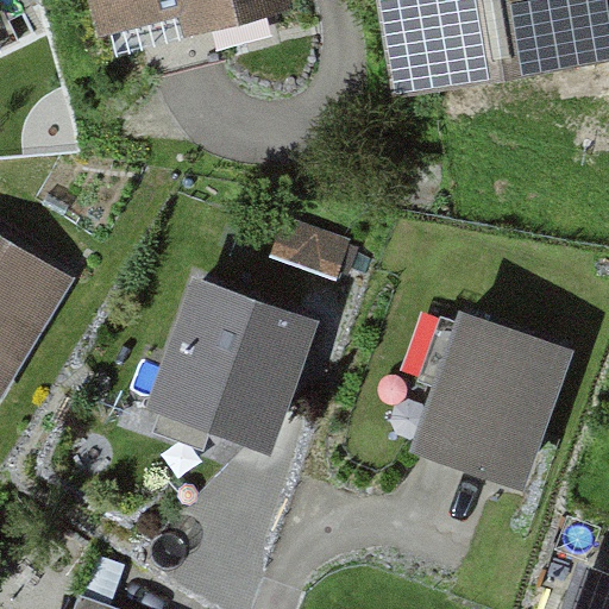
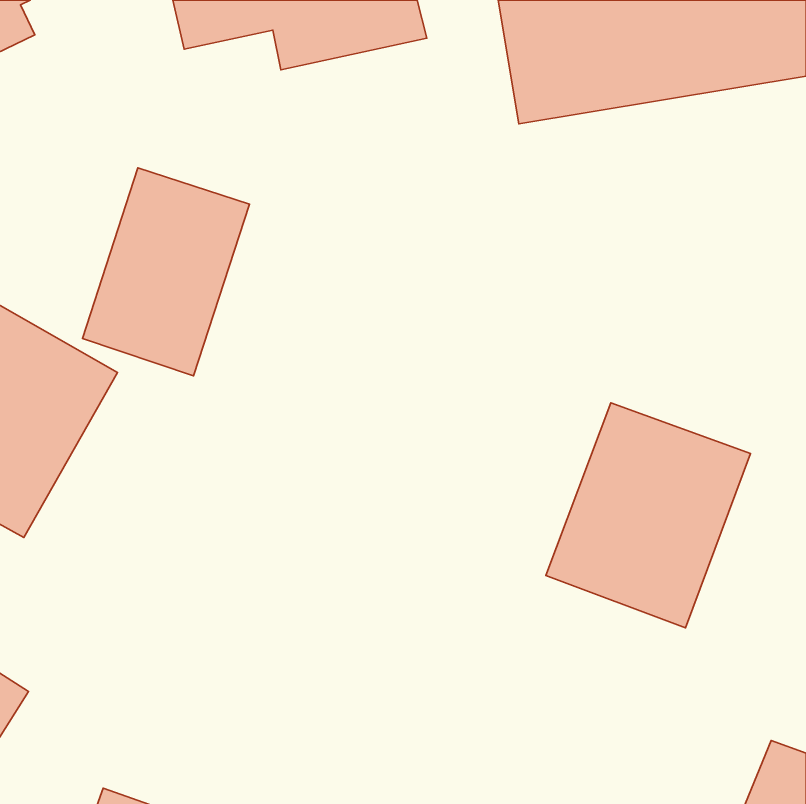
building: none -> [83,168,249,376]
building: [149,274,308,440] -> none

